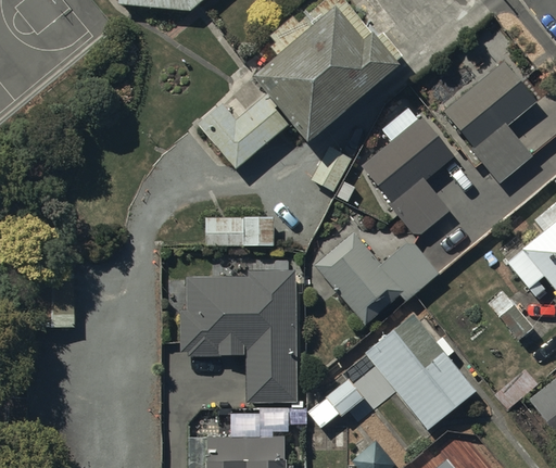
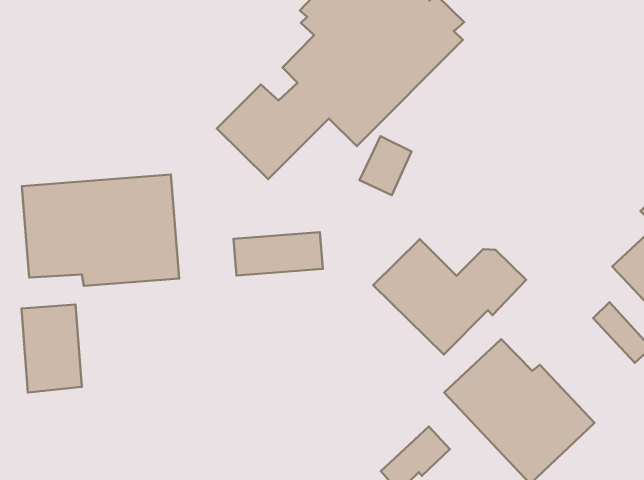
building: [444,59,538,178] -> none
building: [365,117,451,229] -> none
building: none -> [22,174,179,286]
building: [181,270,296,402] -> none

